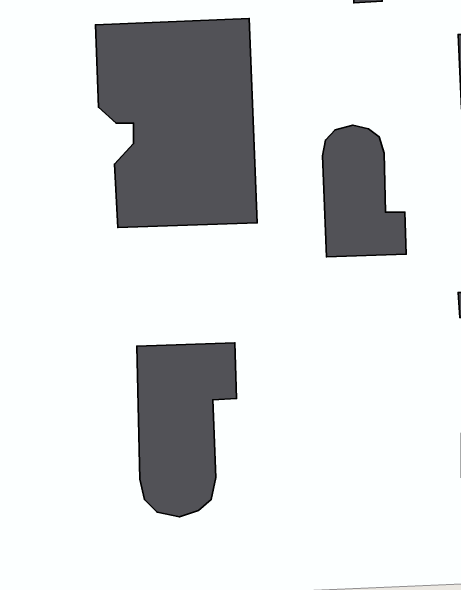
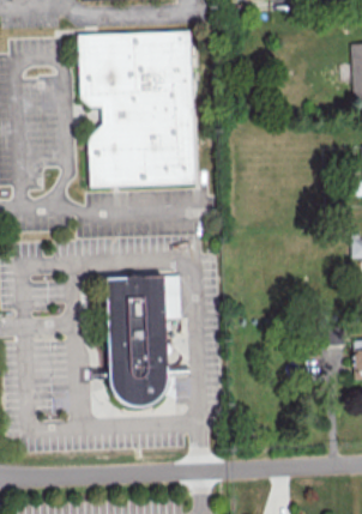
building: [323,125,406,257] -> none

